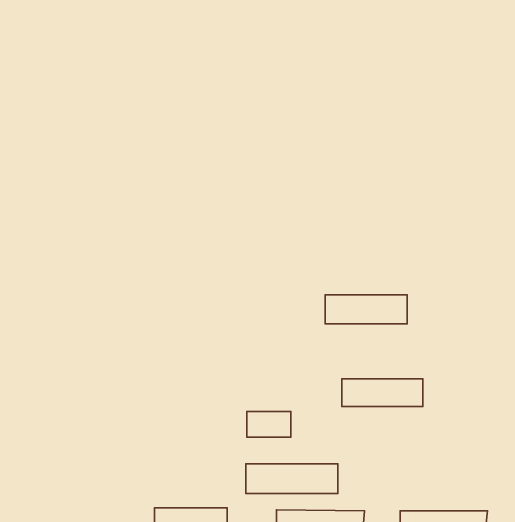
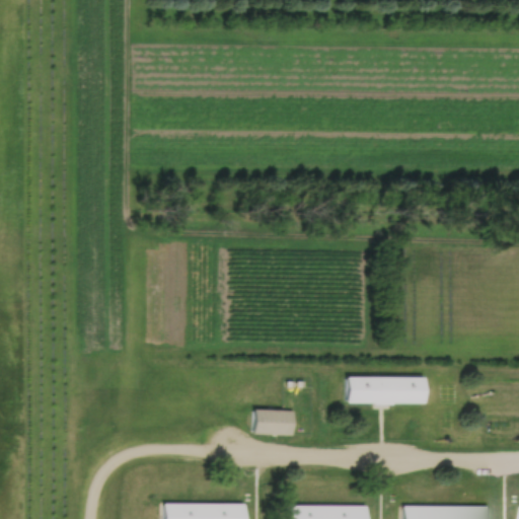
building: [325,295,407,324] -> none
building: [246,464,338,494] -> none

